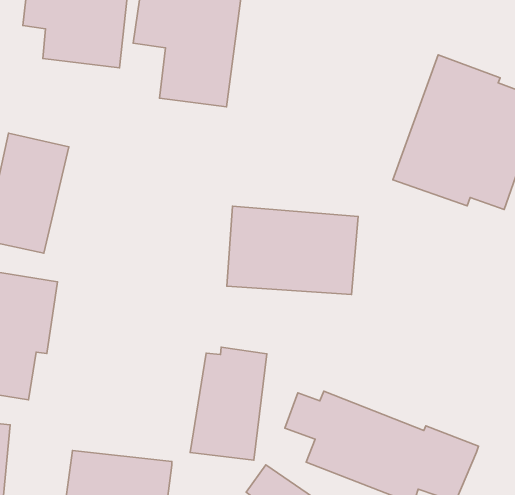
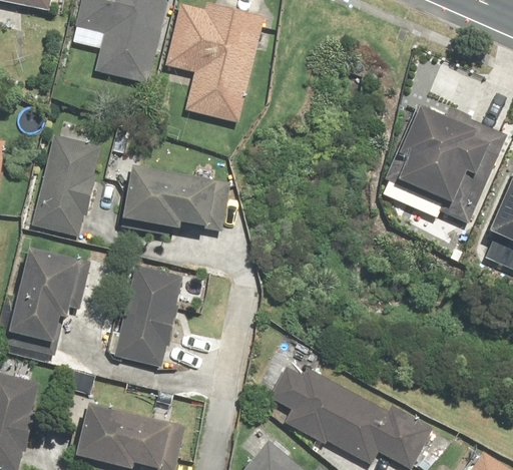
building: none -> [120,166,220,233]
building: [227,206,358,294] -> none
building: [190,347,267,460] -> [112,270,182,367]

